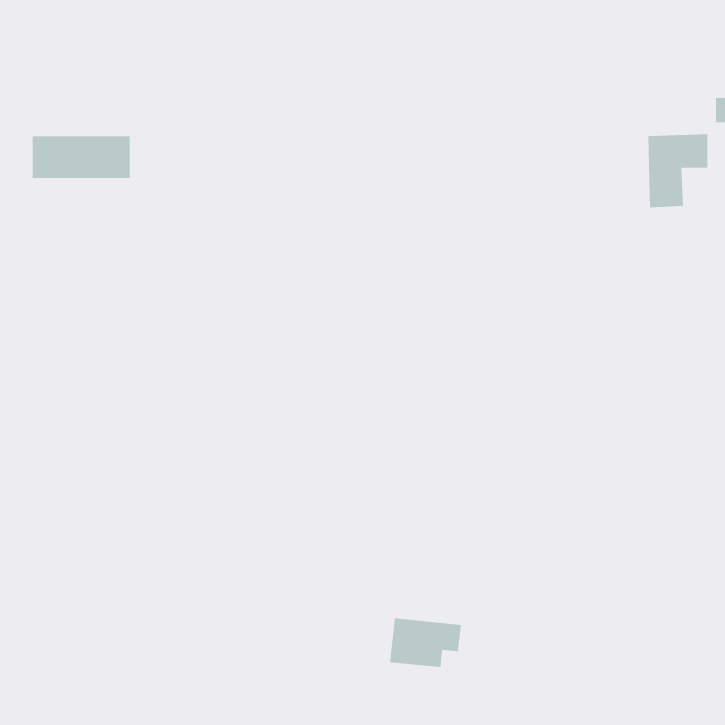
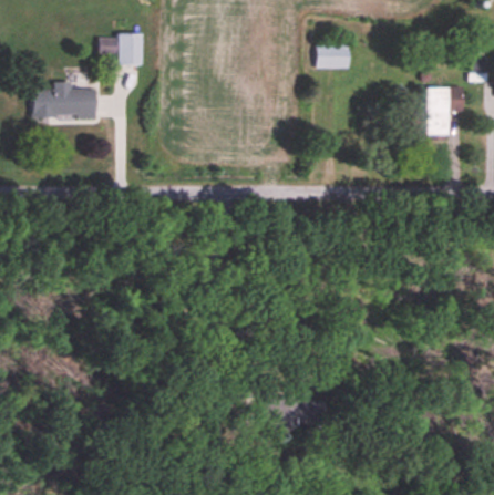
building: none -> [97,34,141,64]
building: none -> [316,43,349,68]

